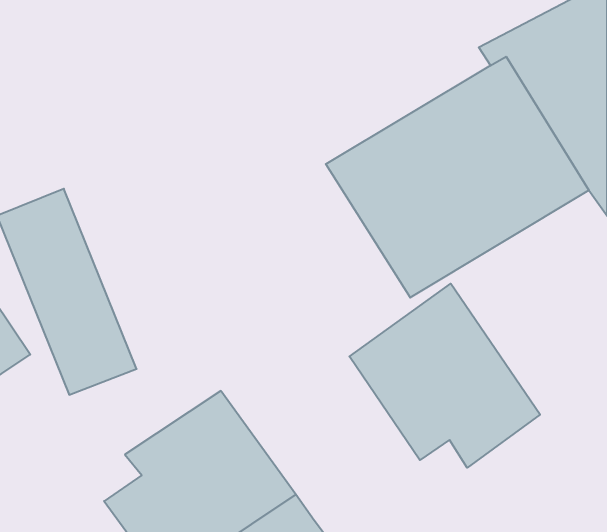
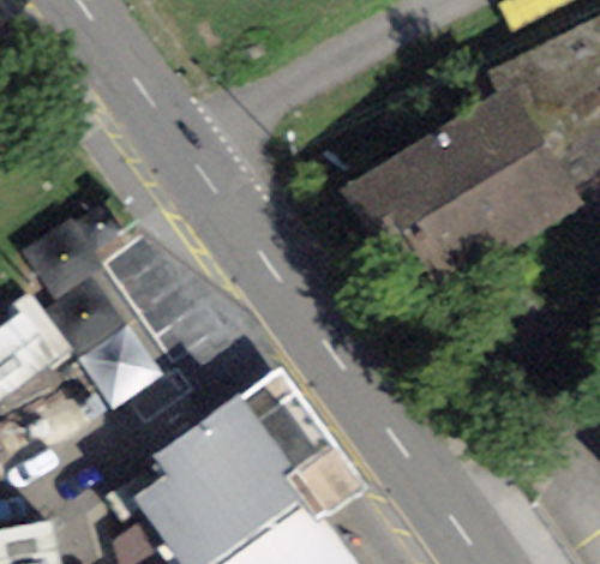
building: [349,284,540,468] -> none
building: none -> [236,372,362,520]

